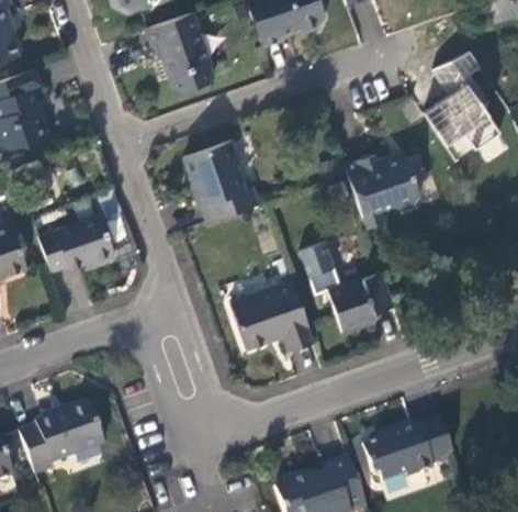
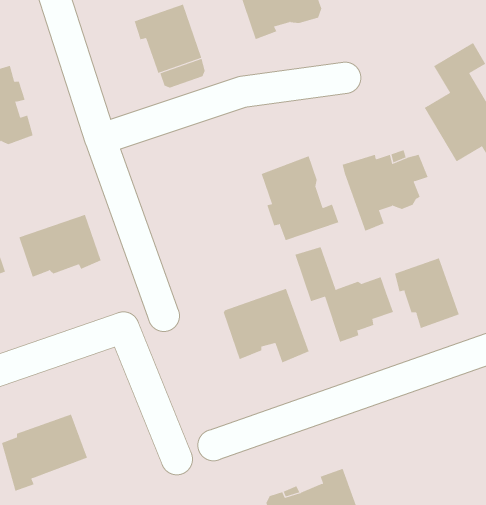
building: [185,140,260,221] -> [261,155,339,241]
building: none -> [394,258,459,329]
building: [359,414,450,479] -> none

